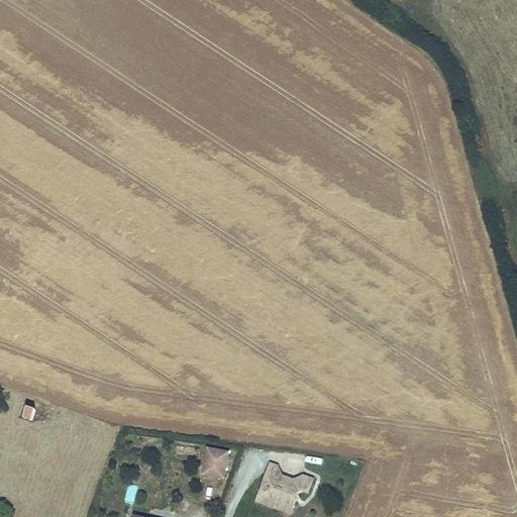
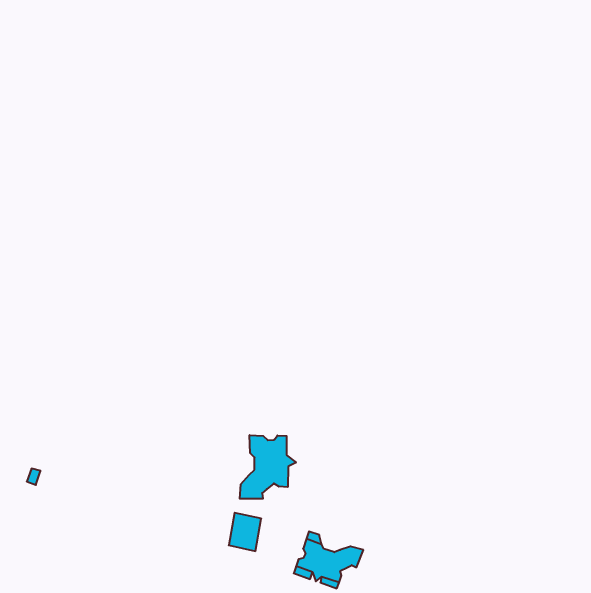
building: none -> [240,435,296,499]

